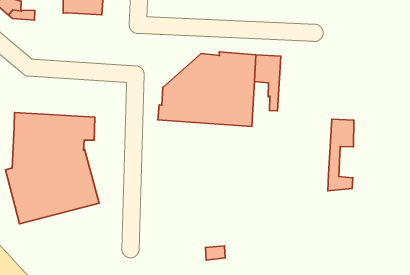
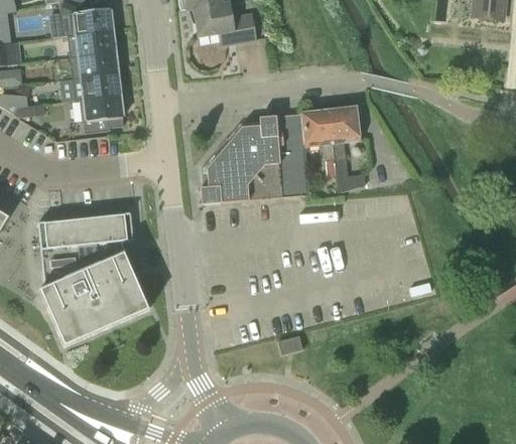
building: none -> [80,96,124,133]
building: [328,119,354,191] -> [330,108,365,192]

